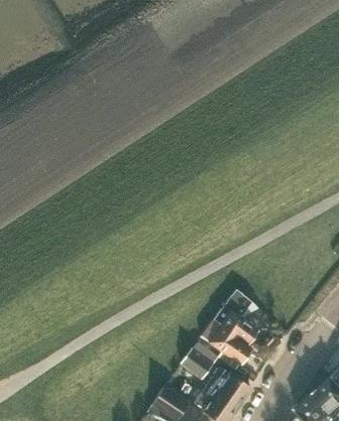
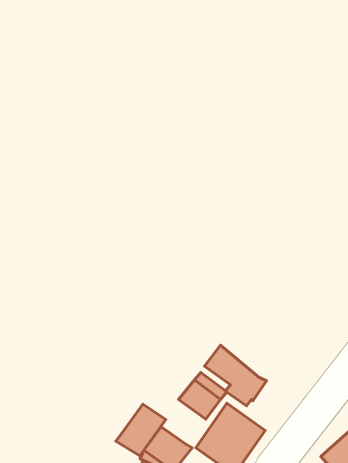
building: [214,288,256,343] -> none
building: none -> [116,404,166,456]

